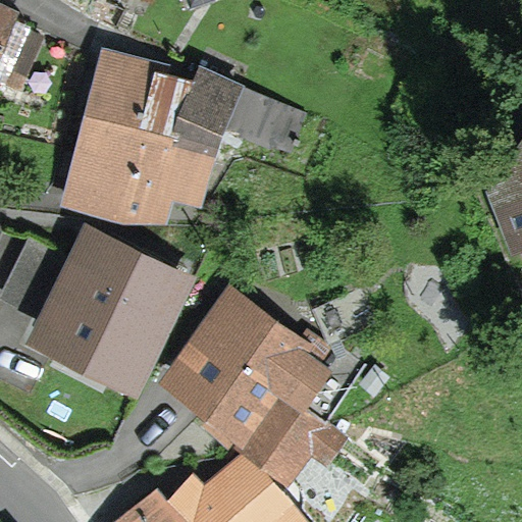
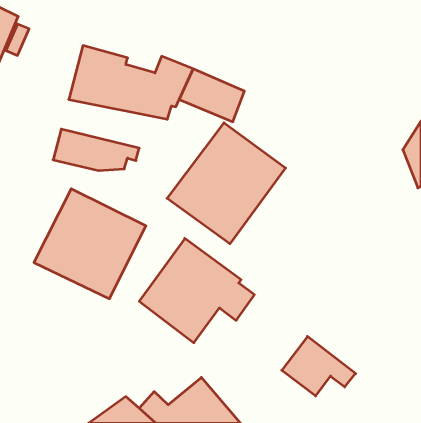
building: [75,122,206,189] -> none
building: none -> [167,123,286,244]
building: [245,393,335,466] -> [282,336,356,396]

